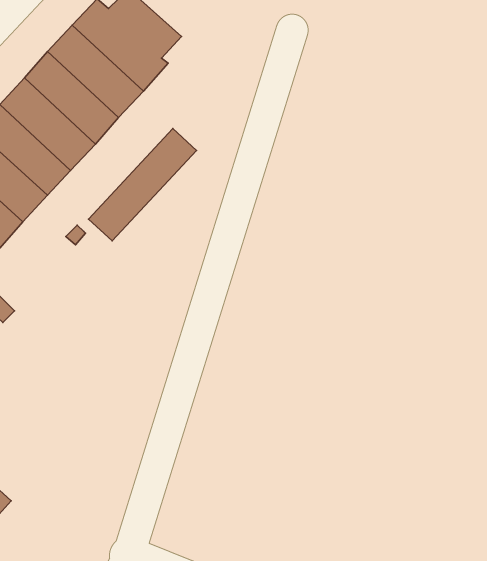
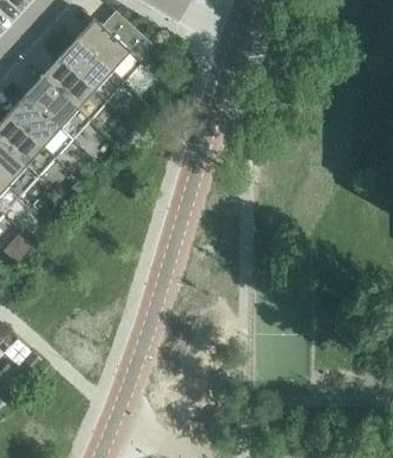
building: [89,129,196,241] -> none

